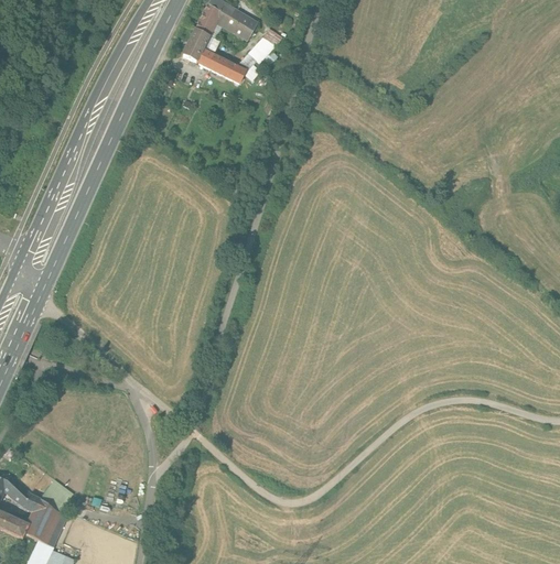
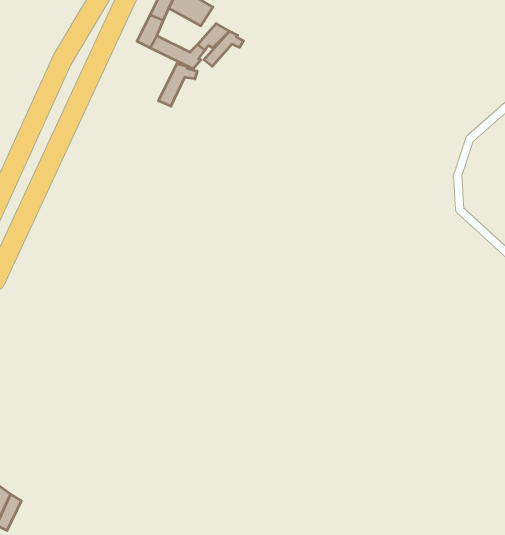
building: none -> [204,31,244,66]
building: none -> [159,64,197,106]

